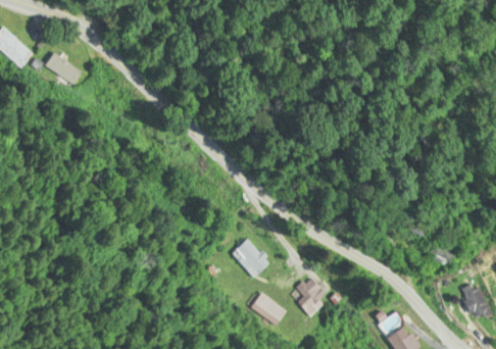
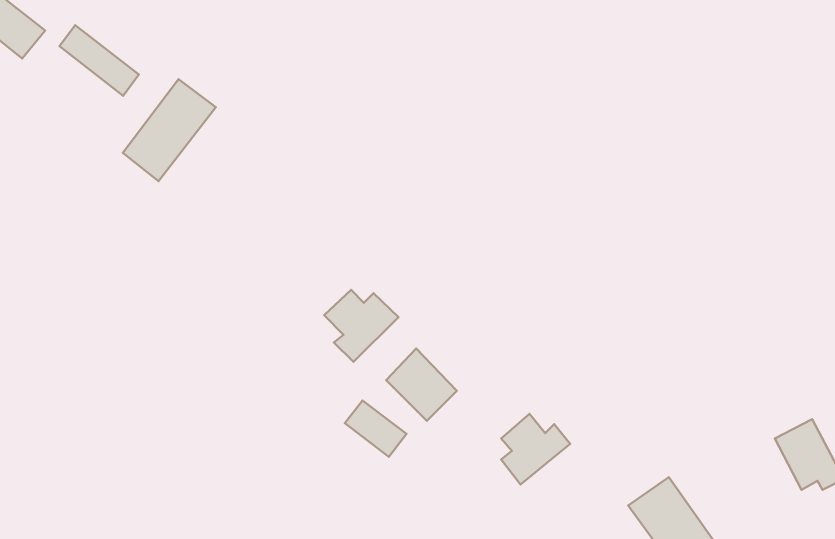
building: none -> [123,79,216,181]
building: none -> [324,290,398,362]
building: [251,293,287,326] -> [345,400,407,457]

